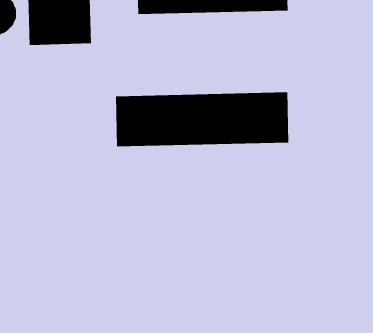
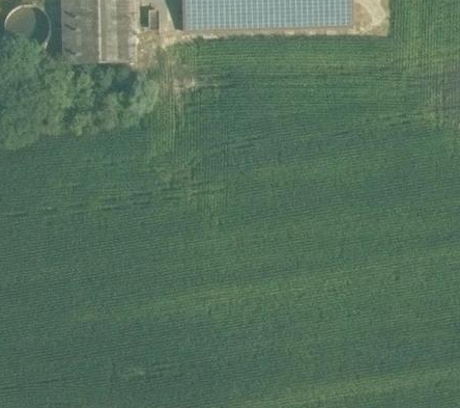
building: [115,92,289,147] -> none

